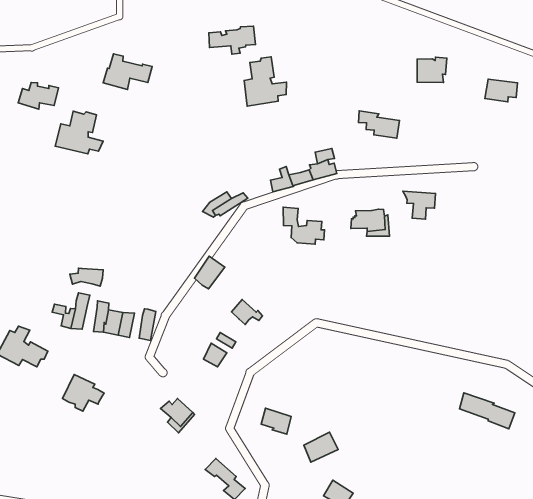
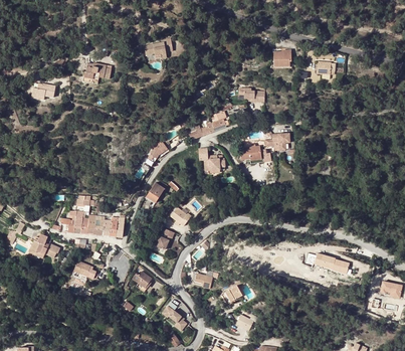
building: [244,57,286,106] -> none
building: [55,111,103,154] -> none

